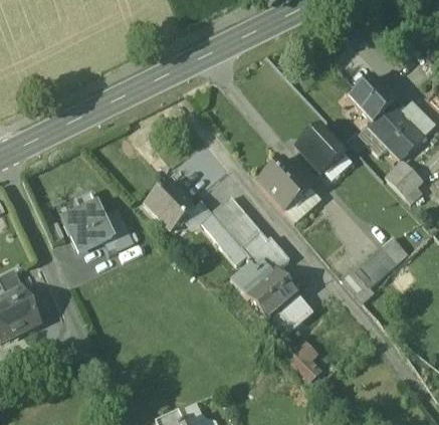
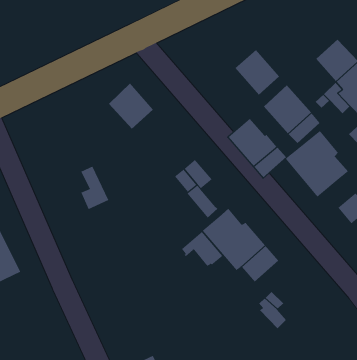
building: none -> [235,49,280,95]
building: none -> [285,130,349,198]
building: [146,180,194,229] -> [108,83,154,129]
building: [63,192,113,249] -> none
building: [246,233,290,270] -> [181,231,223,266]
building: [354,253,388,288] -> none

